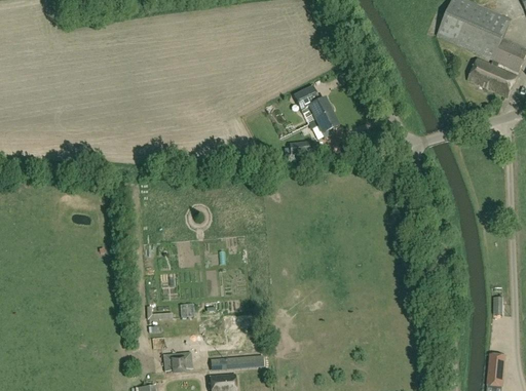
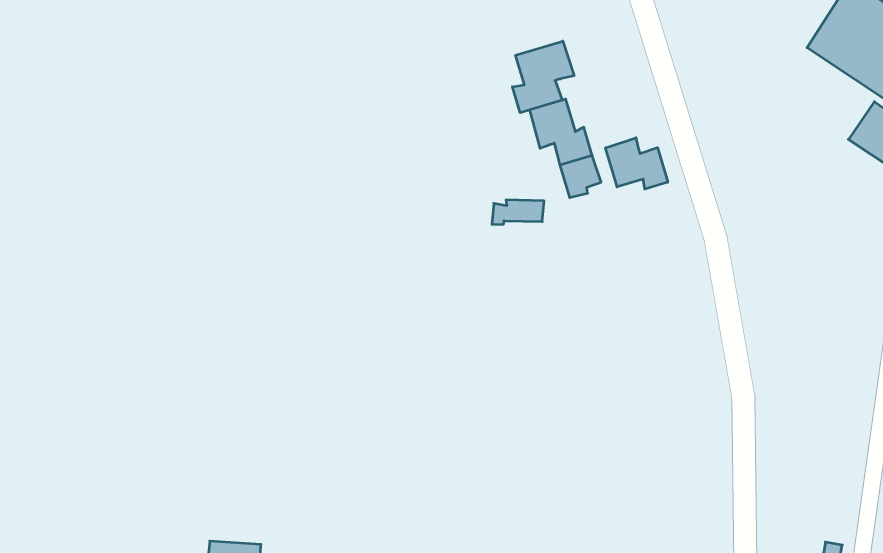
building: none -> [512,41,574,113]
building: none -> [606,138,668,189]

